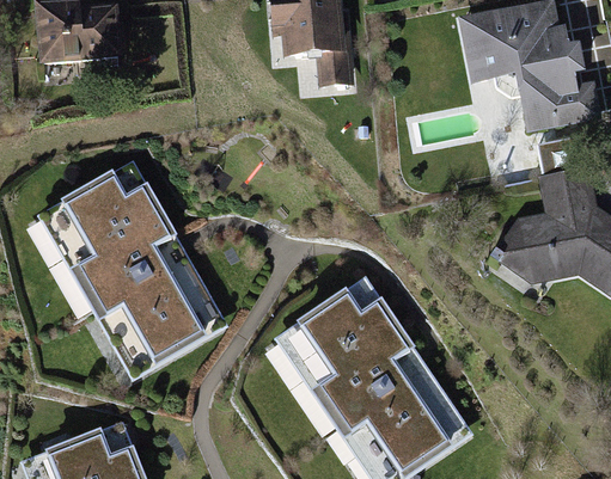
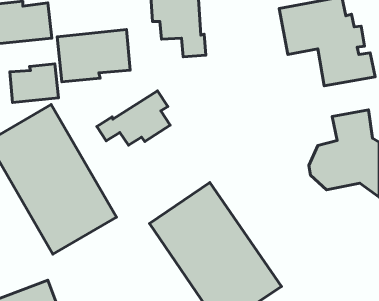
building: none -> [57,30,130,82]
building: none -> [10,64,58,103]
building: none -> [97,91,170,145]

